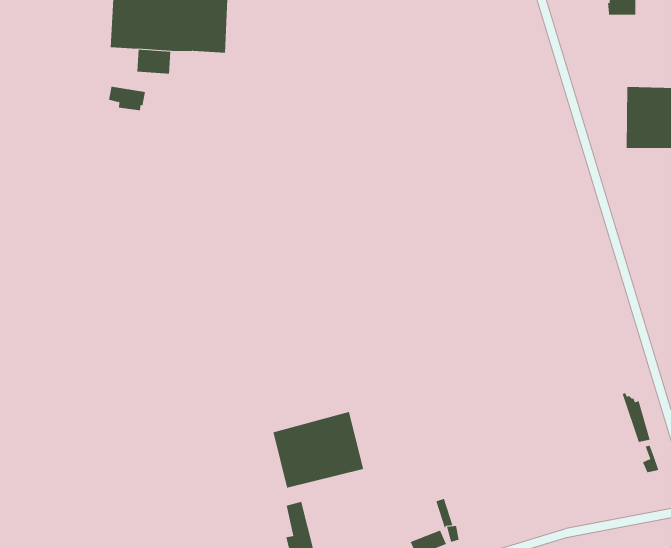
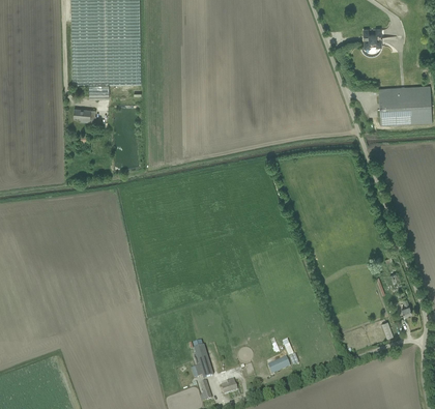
building: [273,411,364,488] -> none

